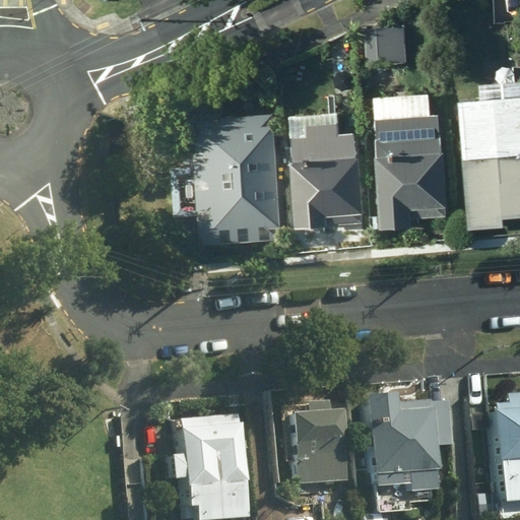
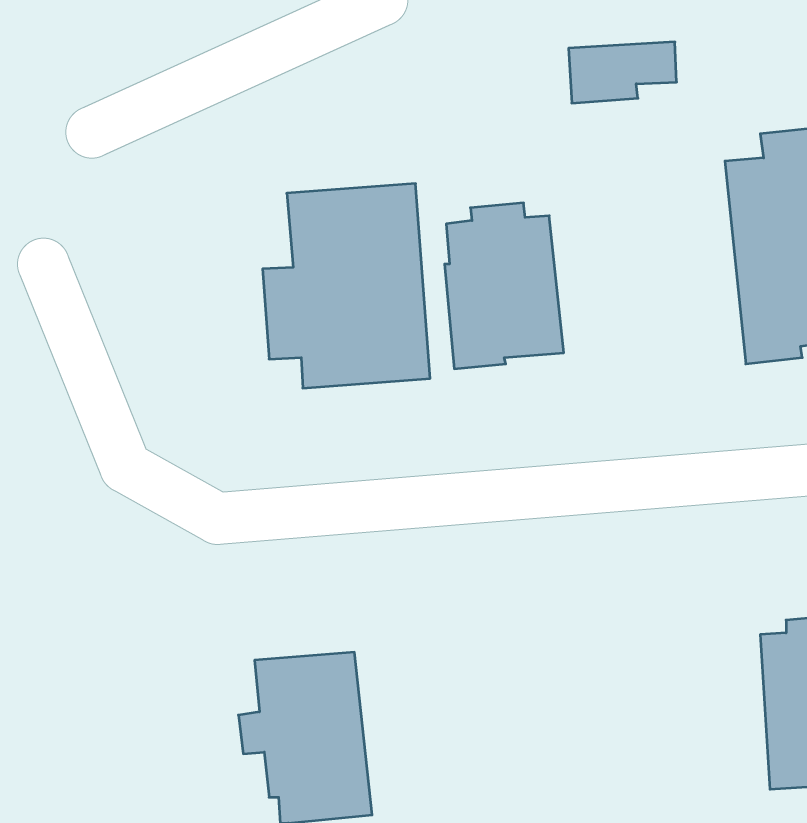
building: [375,95,450,233] -> none
building: [356,389,454,509] -> none
building: [286,398,346,483] -> none

